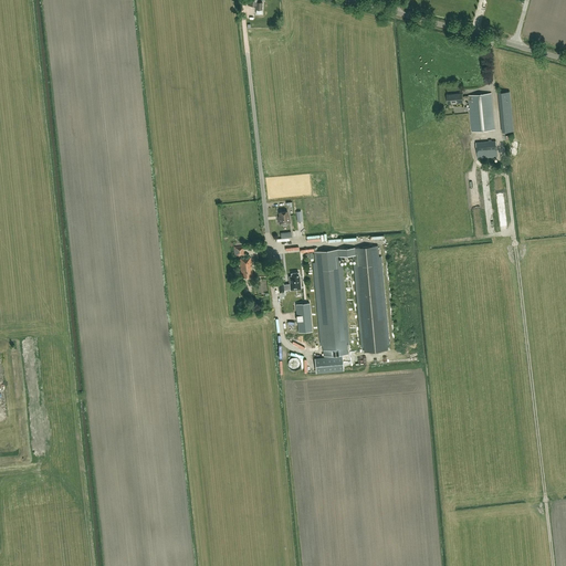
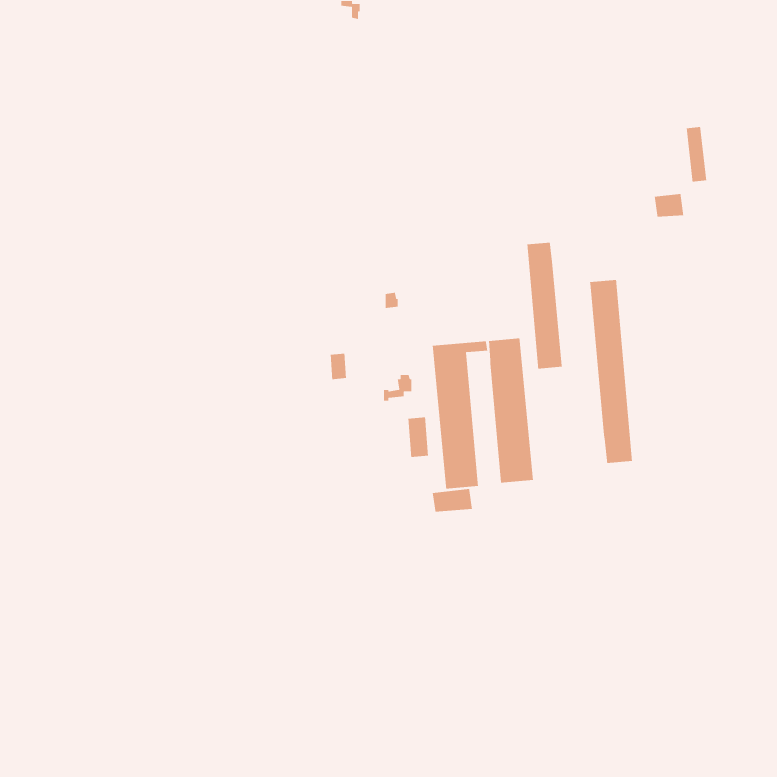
building: [447,94,495,133] -> none
building: none -> [527,242,563,369]
building: none -> [589,279,633,464]

